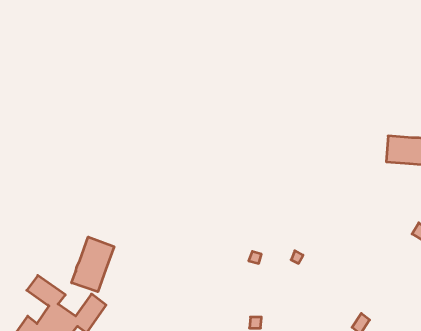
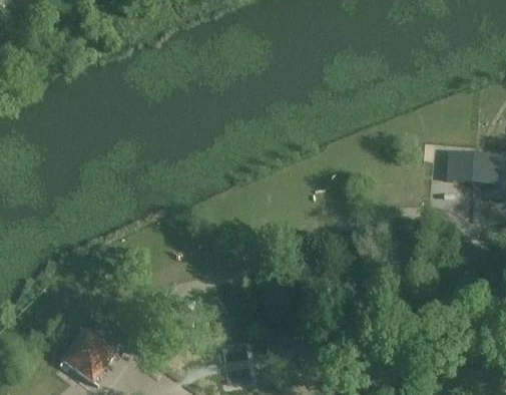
building: [72,237,114,292] -> none

